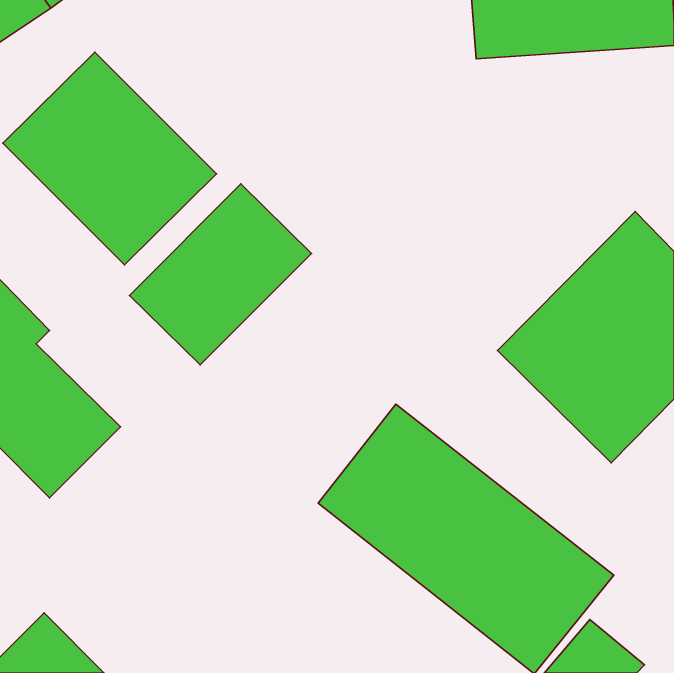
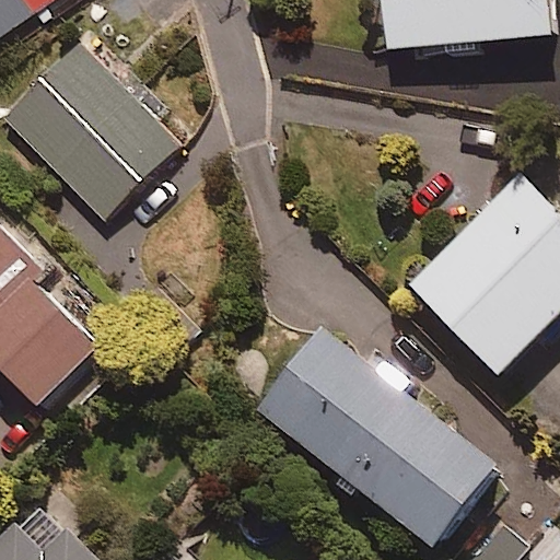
building: [130,184,312,365] -> none

